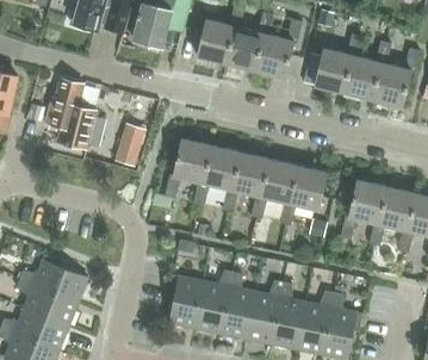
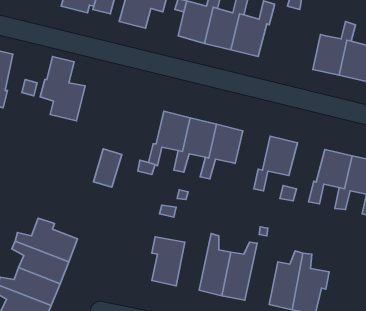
building: [314,33,362,92] -> none
building: [114,123,145,165] -> [93,149,122,187]
building: [249,159,297,217] -> none
building: [194,269,232,333] -> none
building: [269,281,305,348] -> none

